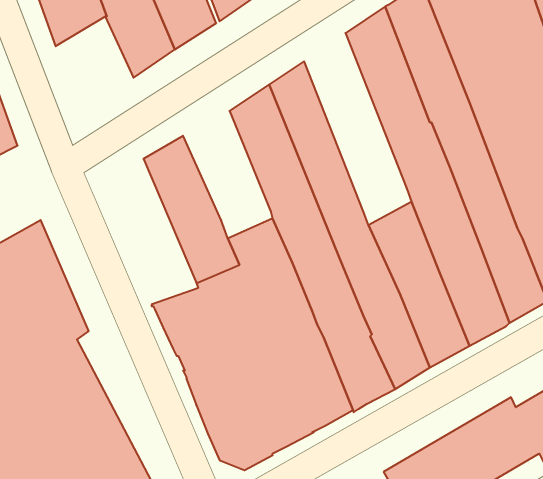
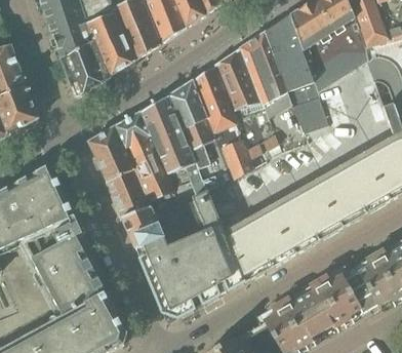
building: none -> [61,37,109,96]
building: none -> [214,47,278,158]
building: none -> [139,95,195,174]
building: none -> [88,125,149,215]

